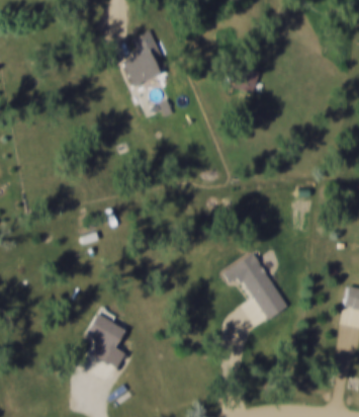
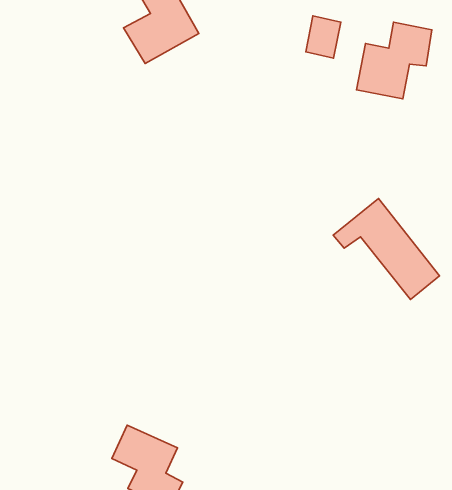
building: none -> [357,22,432,99]
building: [223,253,288,320] -> [333,198,440,300]

